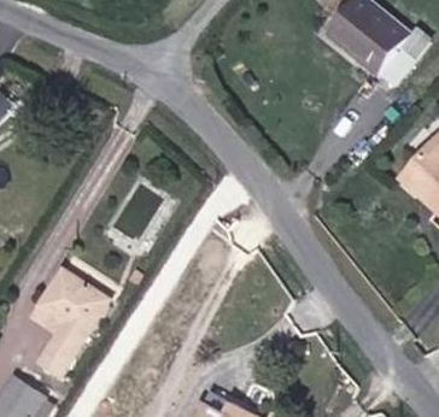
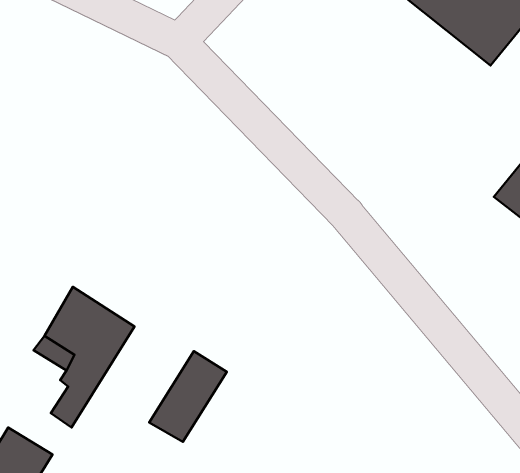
building: none -> [149,351,227,442]

